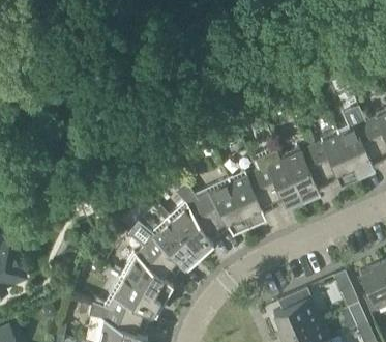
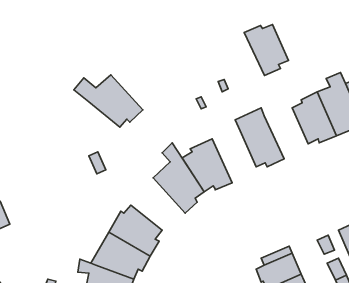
building: [281,146,327,199] -> [244,24,288,76]
building: [228,170,273,224] -> none
building: [128,219,200,273] -> [74,75,143,127]

